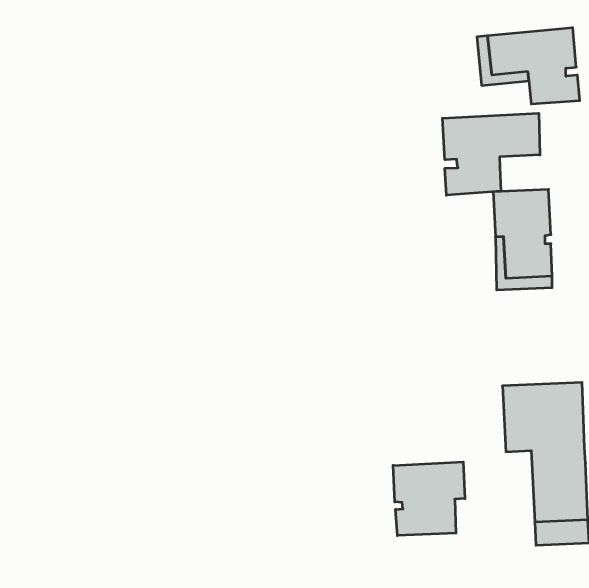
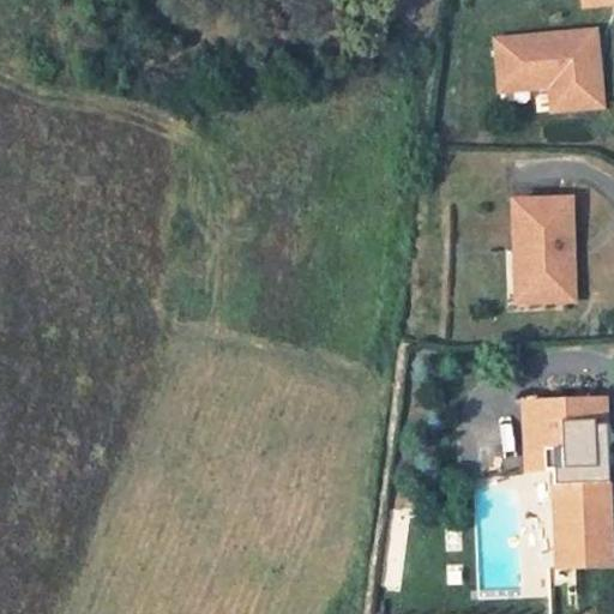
building: [442,113,540,195] -> none
building: [393,462,465,536] -> none

